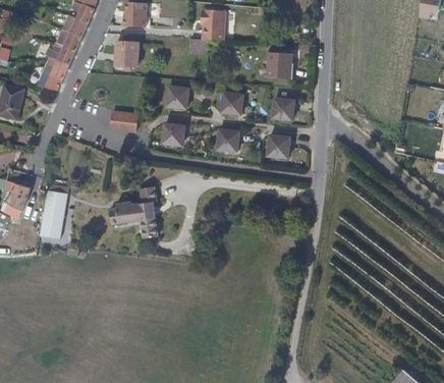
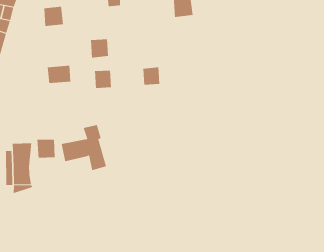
building: [218,93,240,116] -> none
building: [272,97,293,119] -> none
building: [268,134,290,155] -> none
building: none -> [37,139,55,158]

